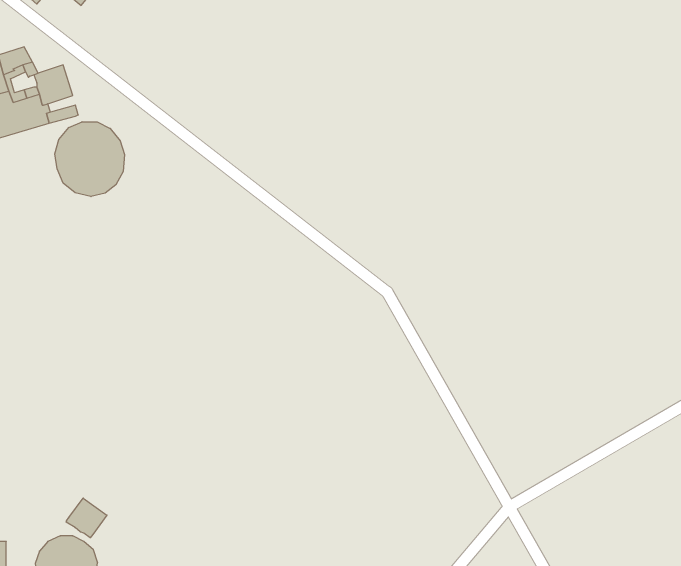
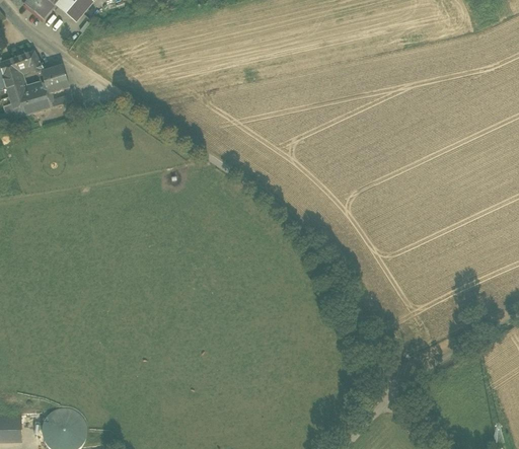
building: [55,122,125,197] -> none
building: [66,498,107,538] -> none

